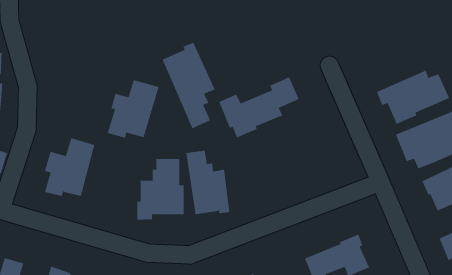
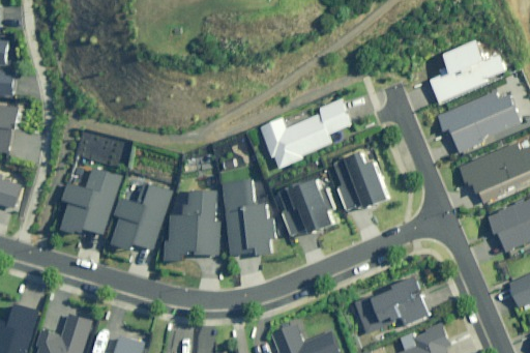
building: none -> [429,40,505,104]
building: [162,42,215,129] -> none
building: [107,79,160,139] -> [110,183,170,251]
building: none -> [331,148,388,210]
building: none -> [281,180,334,237]

